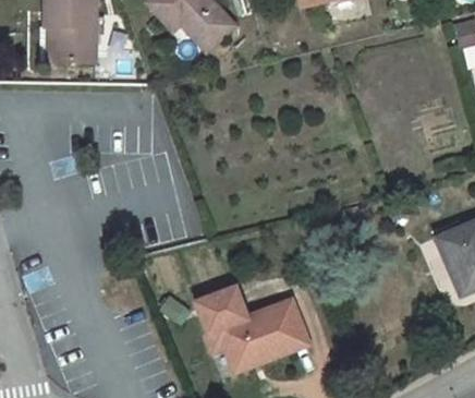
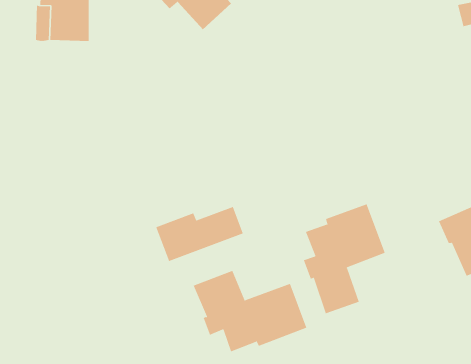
building: none -> [303,204,385,314]
building: none -> [155,206,244,262]

